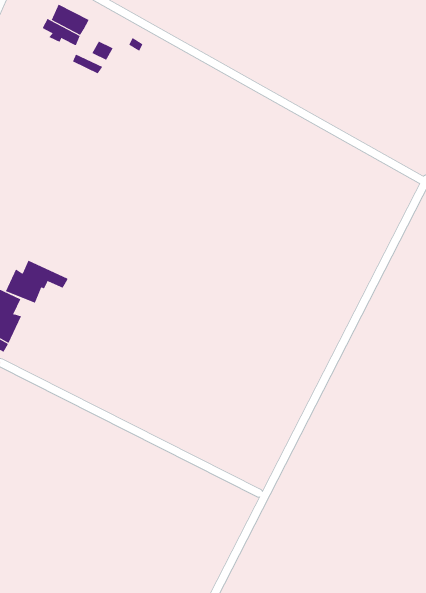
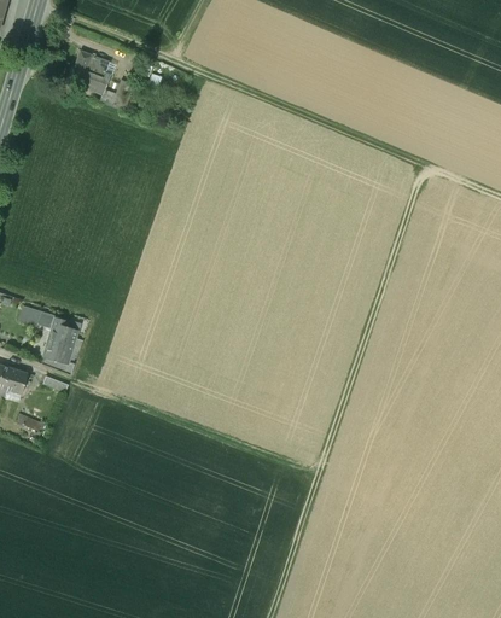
building: [5,260,68,303] -> none

